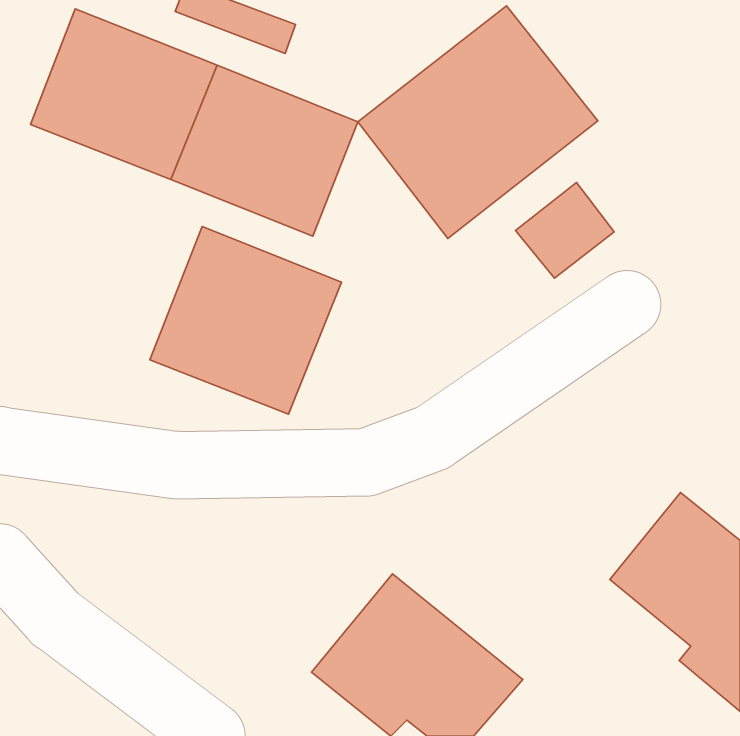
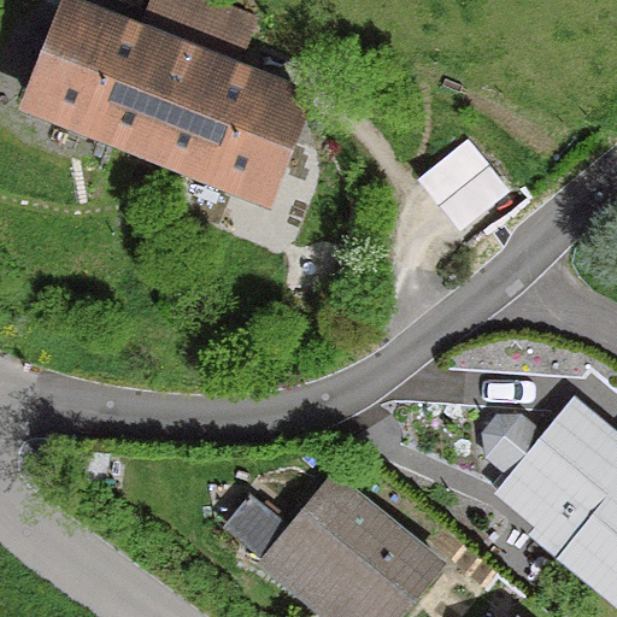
building: [358,6,598,239] -> none
building: [150,227,342,414] -> none

